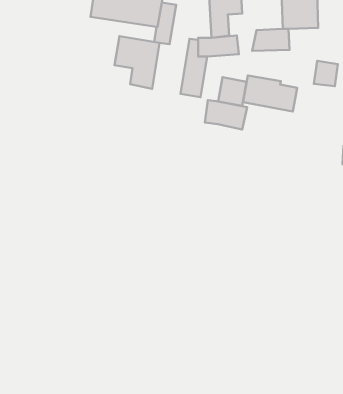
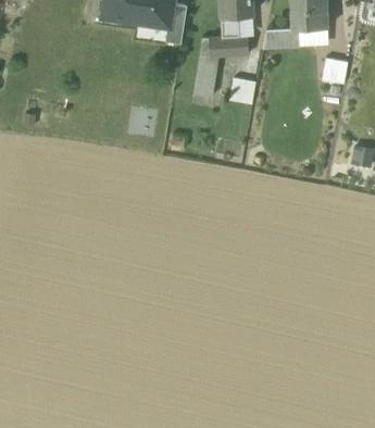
building: [115,36,159,89] -> none
building: [243,75,297,111] -> none
building: [205,100,247,129] -> none

